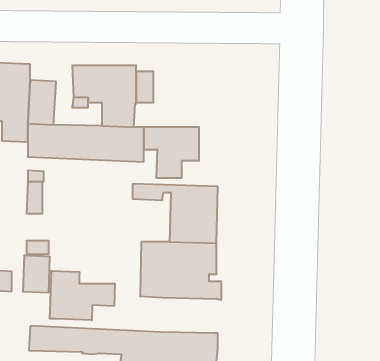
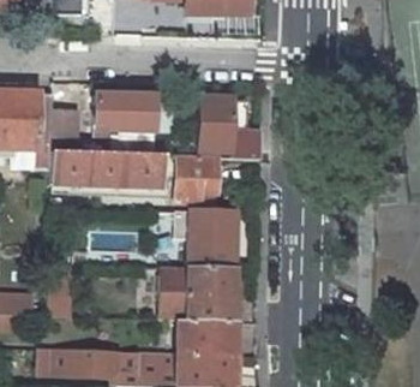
building: none -> [197,96,260,160]
building: [50,271,115,320] -> none
building: none -> [179,321,233,356]

